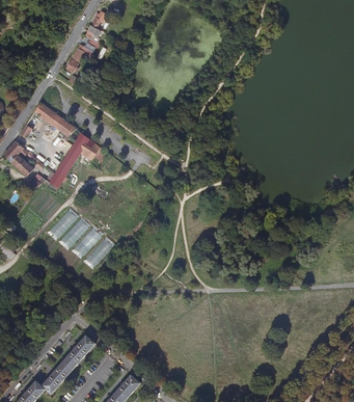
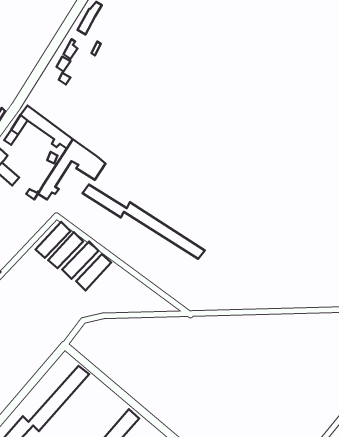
building: none -> [82,185,205,259]

